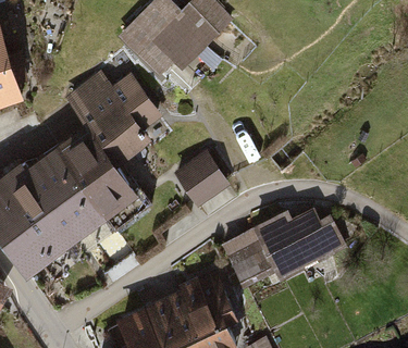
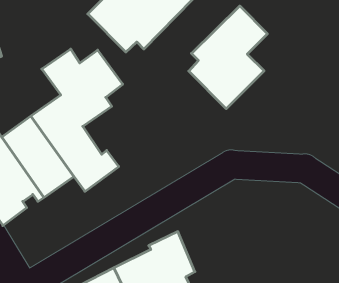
building: none -> [189,6,267,109]
building: [172,156,228,213] -> none
building: [224,210,342,287] -> none

